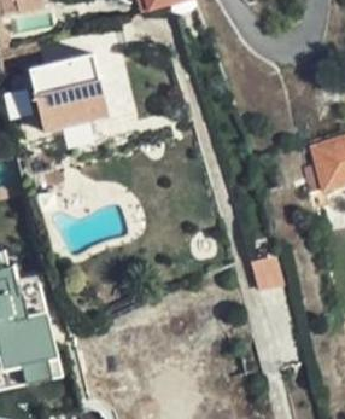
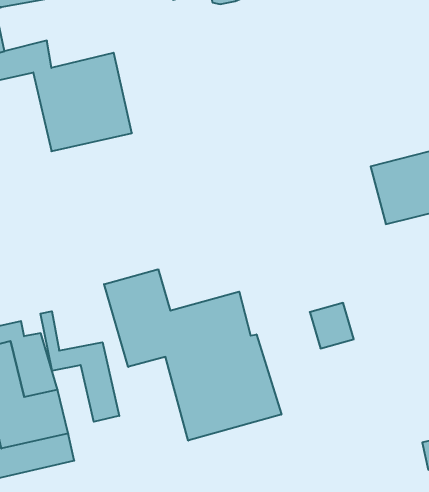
building: none -> [104,269,281,441]
building: none -> [40,311,119,422]

